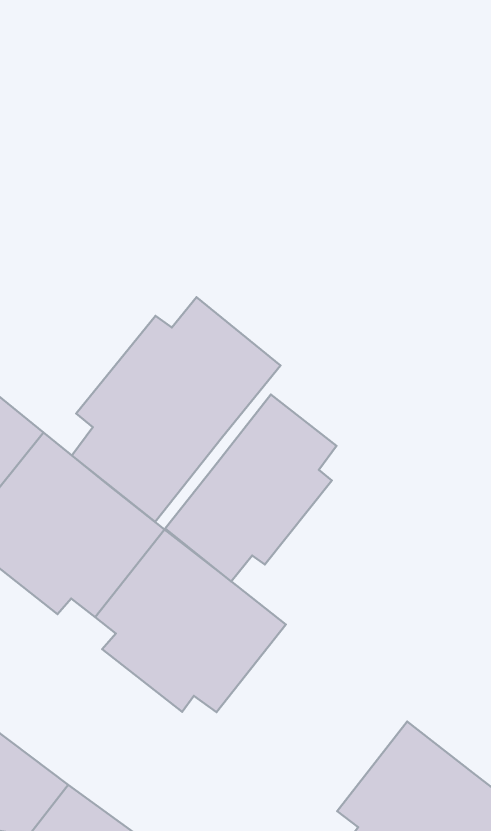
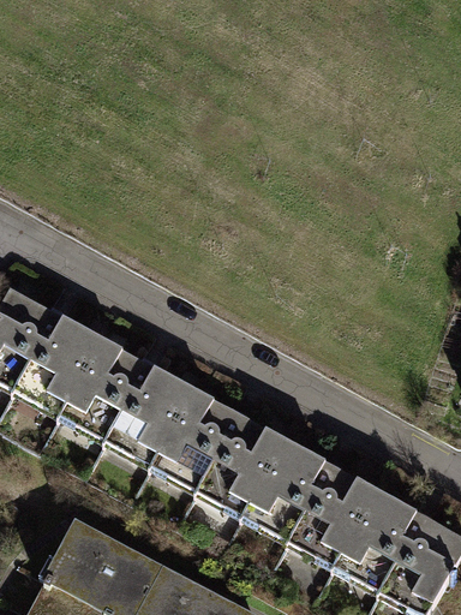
building: [72,297,280,522] -> none
building: [165,394,337,581] -> none
building: none -> [249,437,376,557]

